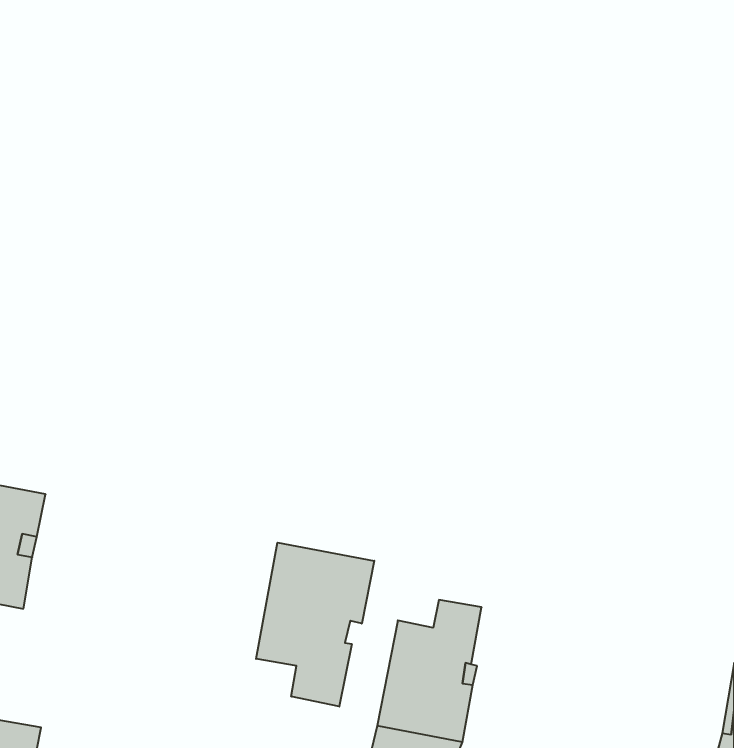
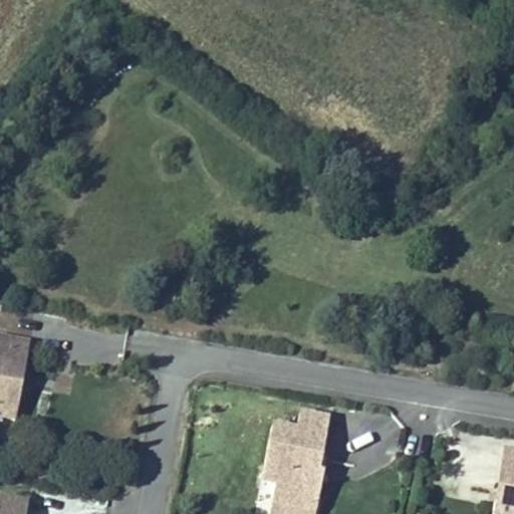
building: [256,543,374,707] -> none

